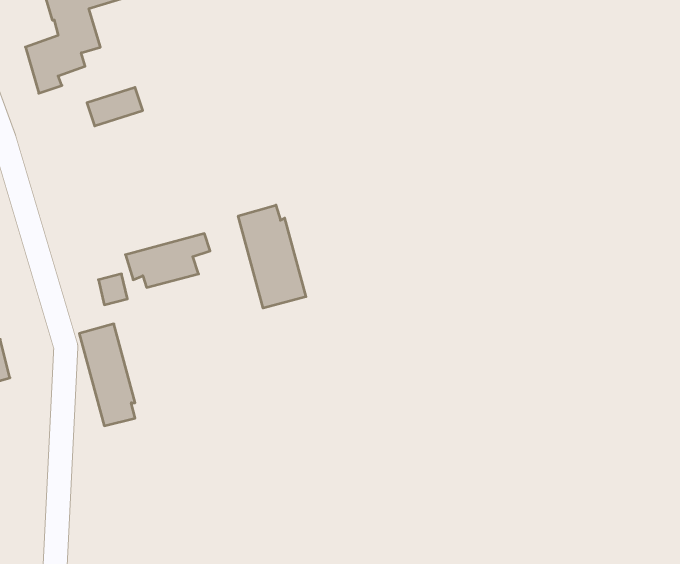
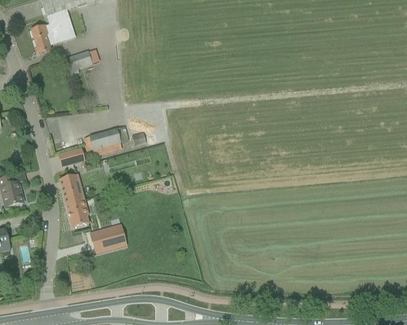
building: [238,205,306,308] -> none
building: none -> [91,223,127,252]

